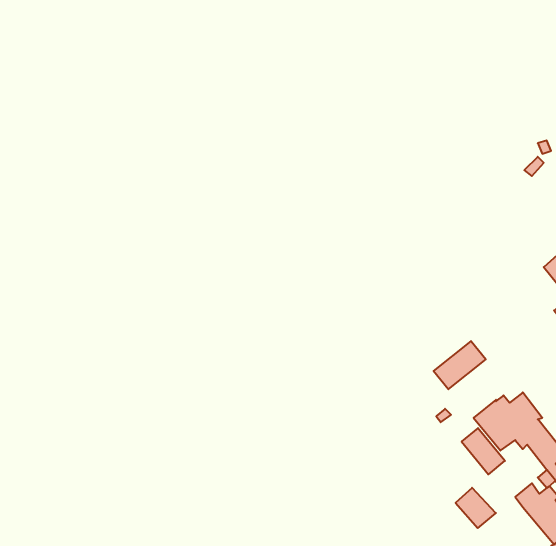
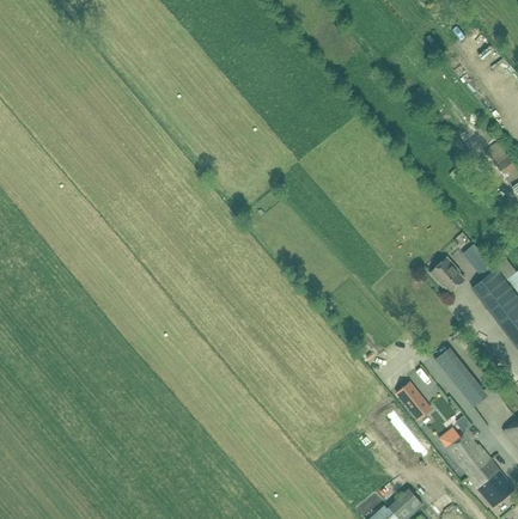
building: none -> [432,257,465,291]
building: [434,341,486,389] -> none

